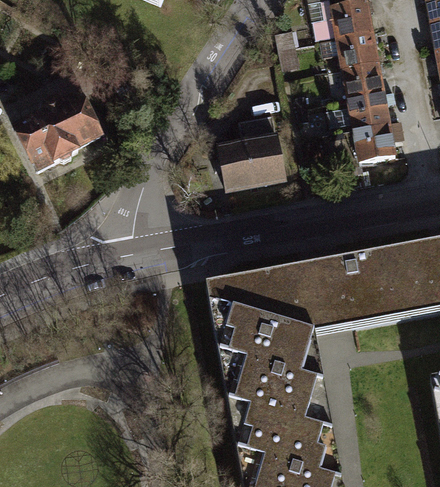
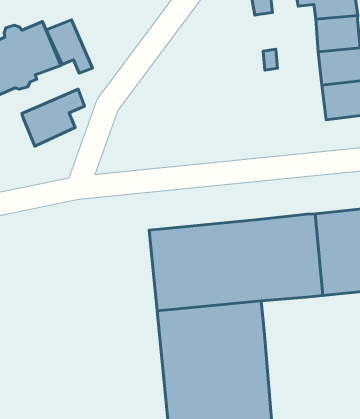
building: none -> [46,20,92,73]
building: [215,109,290,190] -> none
building: none -> [22,89,85,146]

